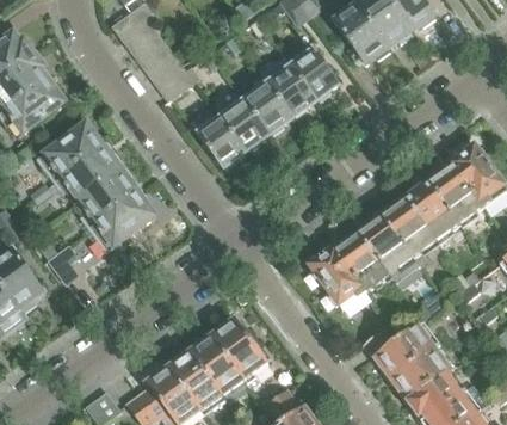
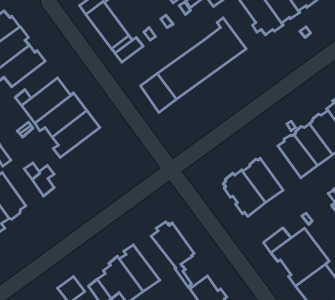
building: [88,192,155,252] -> none
building: [359,214,414,273] -> none
building: [190,332,245,395] -> none

